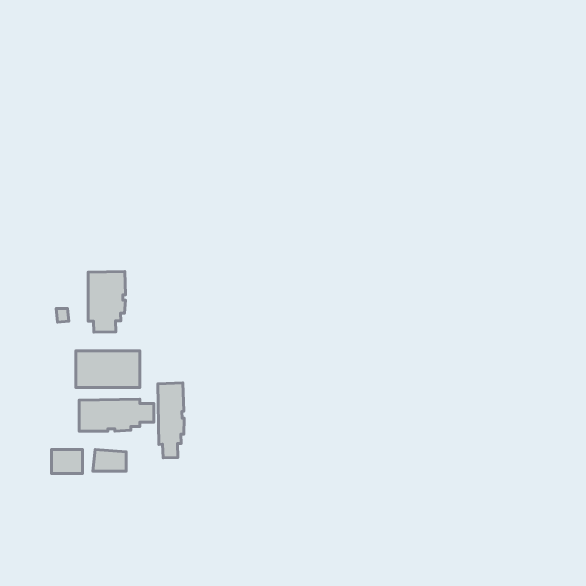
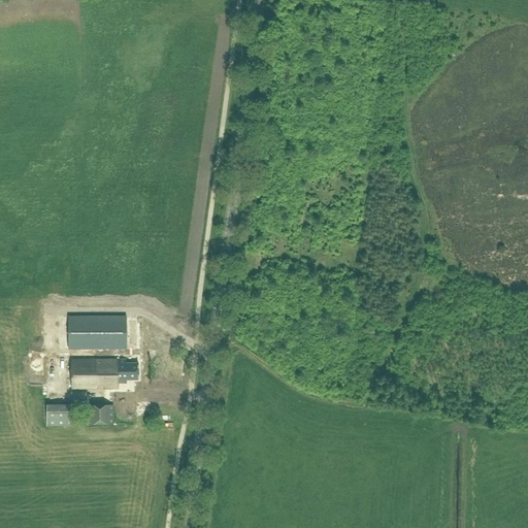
building: [88,272,126,332] -> none
building: [158,383,184,458] -> none

